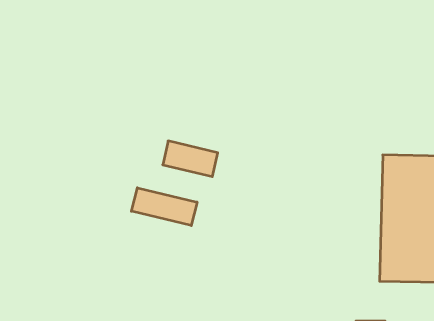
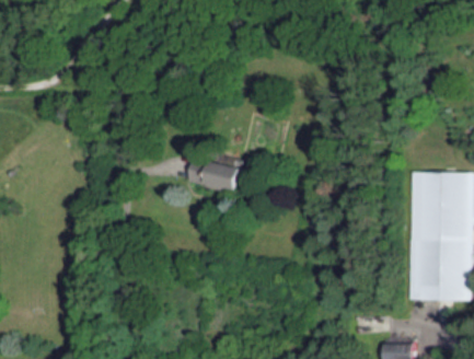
building: [131,188,197,226] -> none

